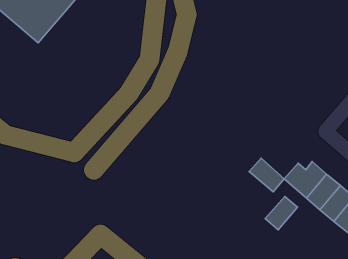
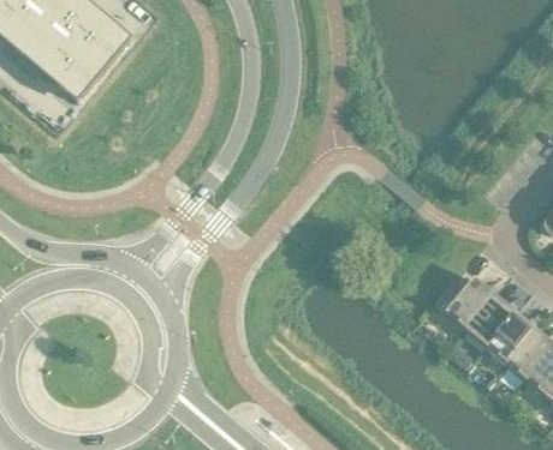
building: [249,158,284,192] -> none
building: [265,196,298,230] -> none

